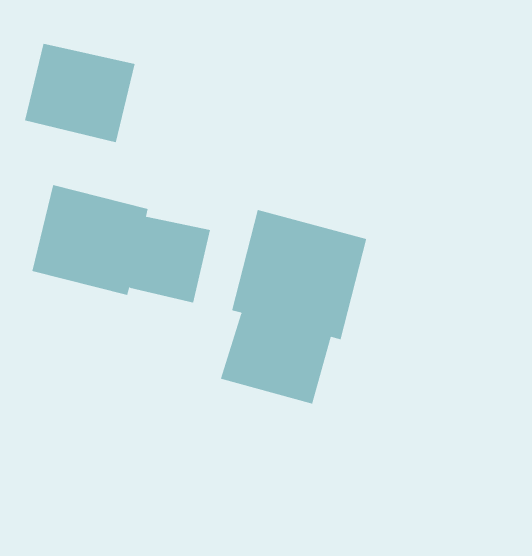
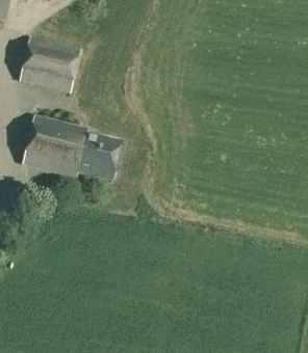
building: [220,209,367,405] -> none

